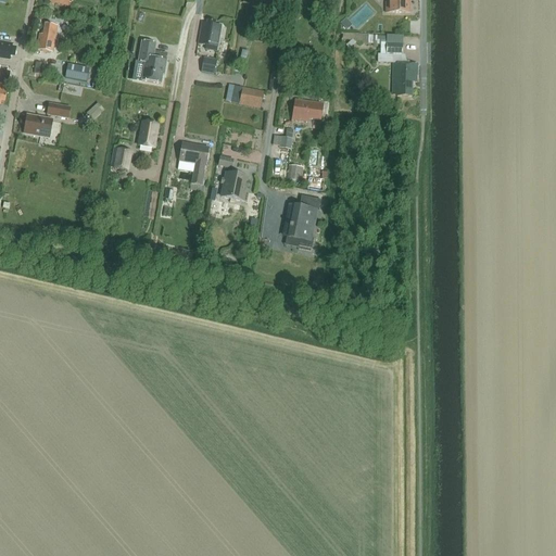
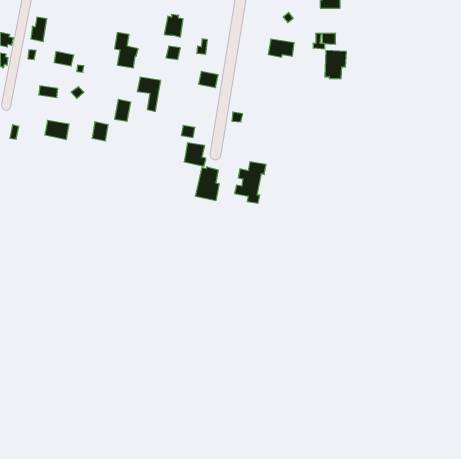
building: [291,98,323,119] -> [268,39,294,57]
building: [23,114,52,137] -> [45,120,69,139]
building: [179,141,207,182] -> [137,77,161,111]
building: none -> [196,167,219,201]

